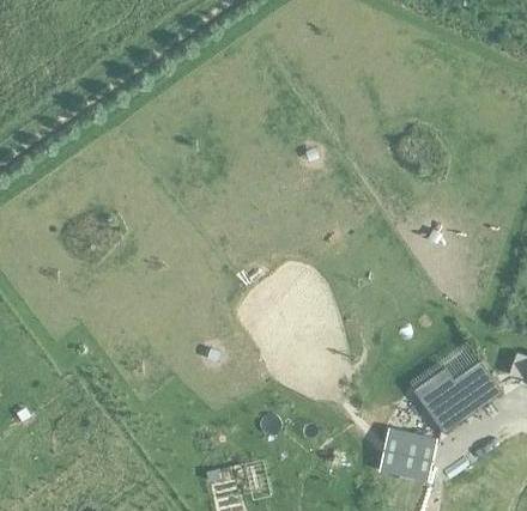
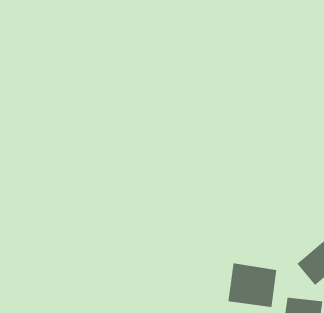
building: none -> [228,263,277,308]

